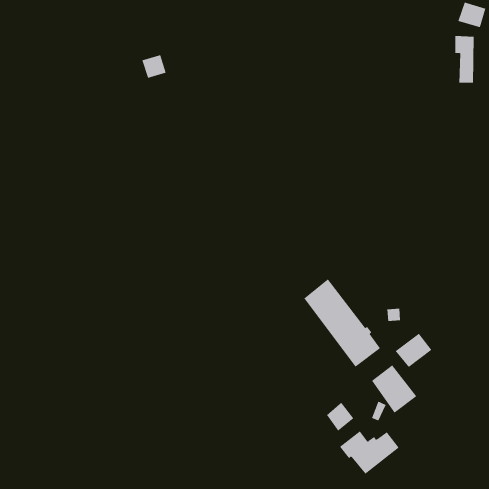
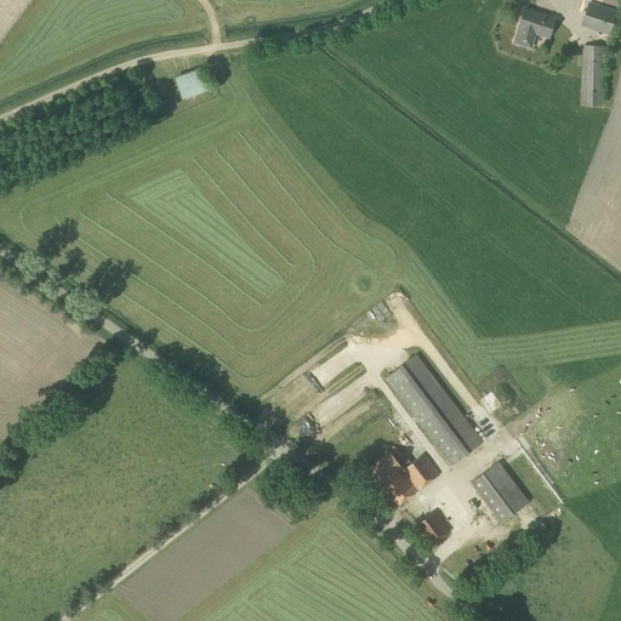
building: none -> [513,8,554,50]
building: [395,333,432,368] -> none
building: [339,430,400,474] -> [363,452,439,508]

